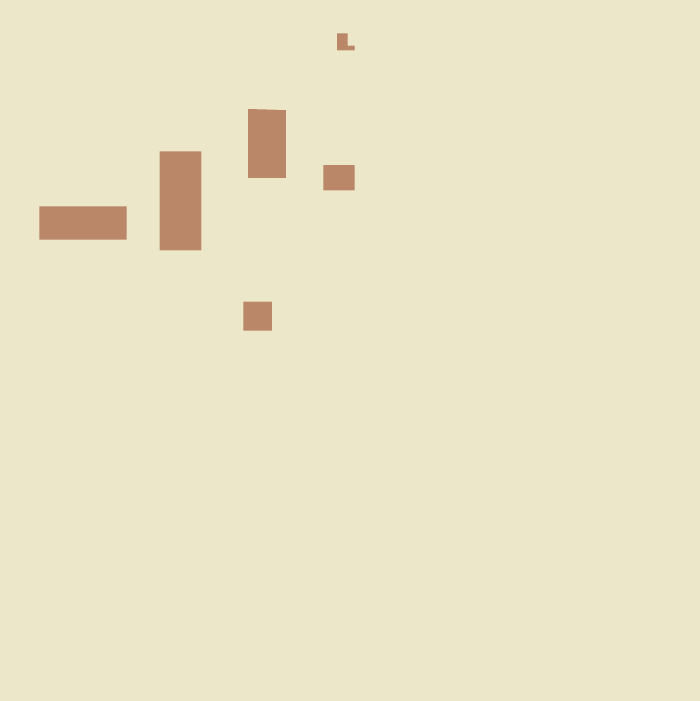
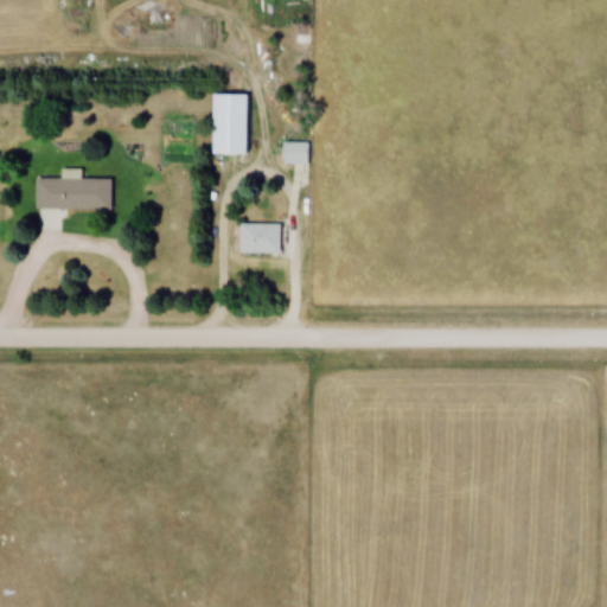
building: [159,150,202,251] -> none
building: [243,301,273,331] -> [253,225,279,251]

